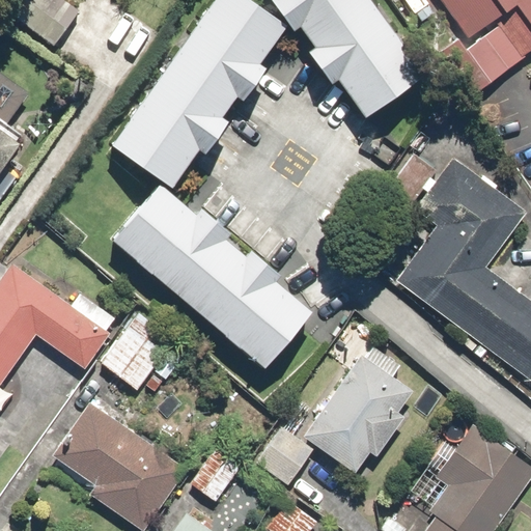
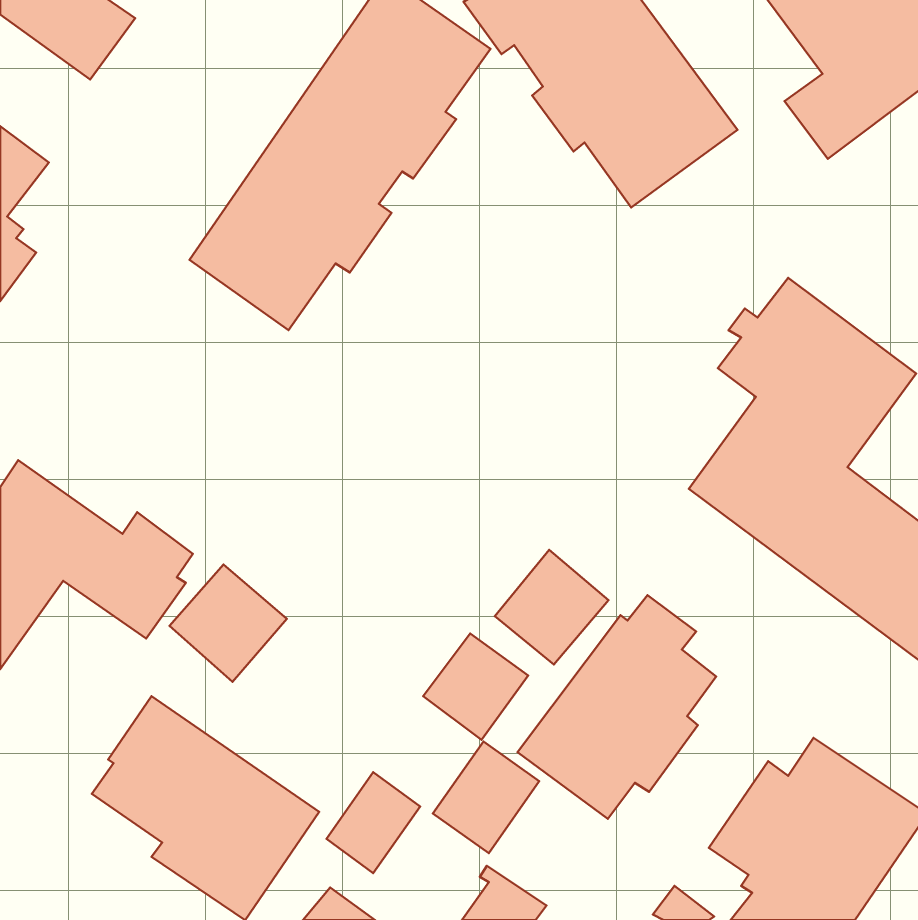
building: [113,188,309,369] -> none
building: none -> [495,550,608,665]
building: none -> [423,633,528,740]

